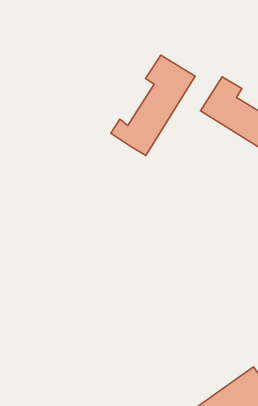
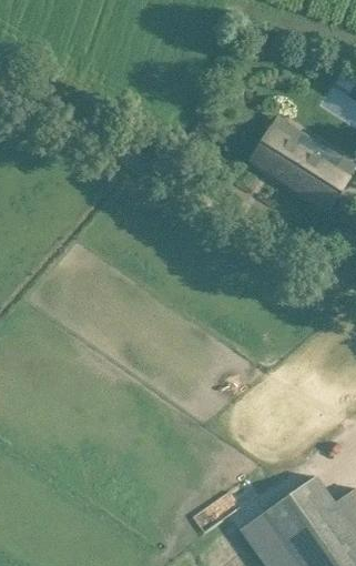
building: [111,55,195,155] -> none

